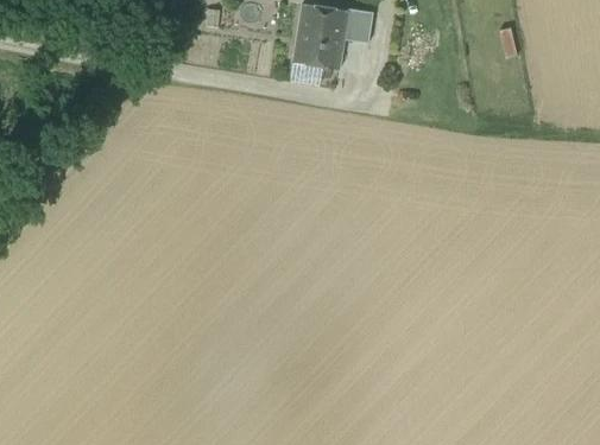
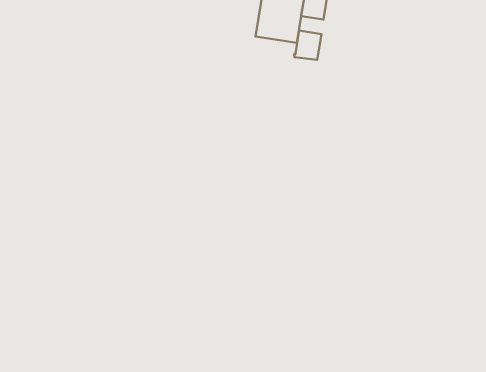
building: none -> [294,30,321,60]

